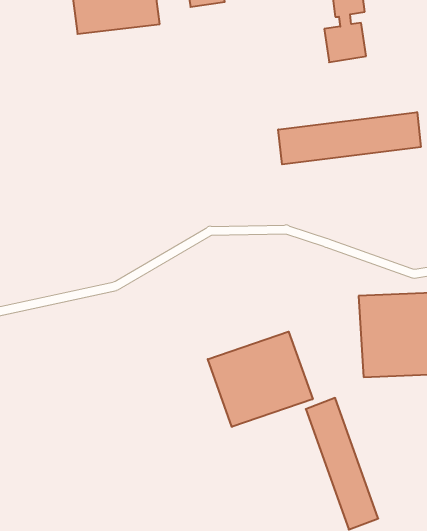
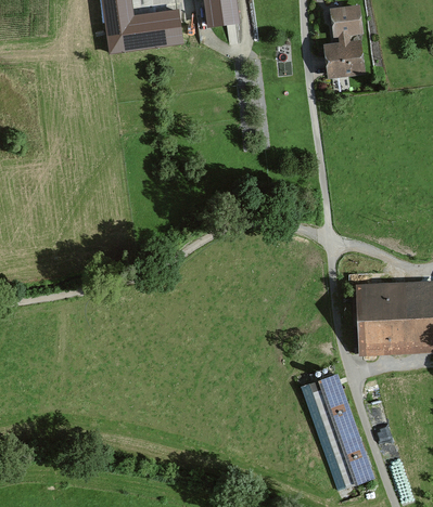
building: [278,112,421,164] -> none
building: [208,332,313,427] -> none

